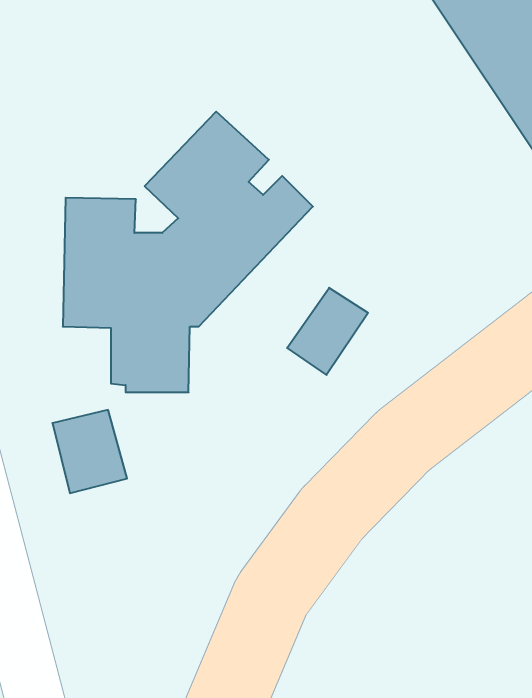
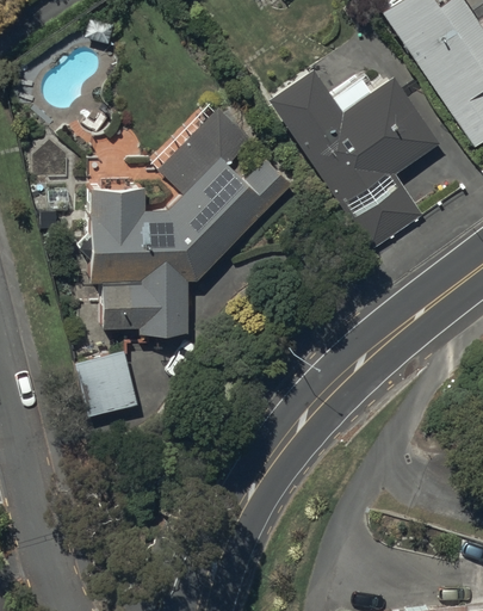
building: none -> [264,61,439,258]
building: [287,288,368,375] -> none

